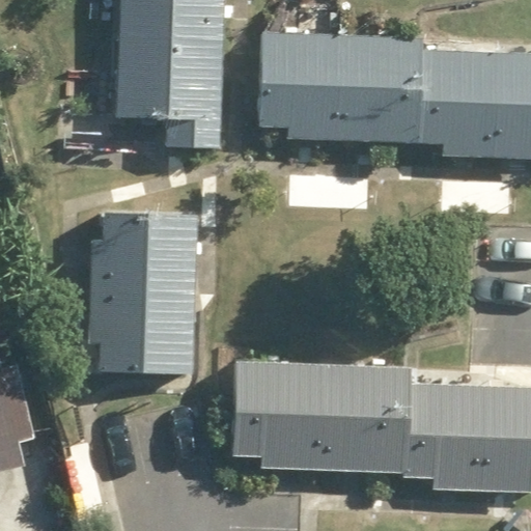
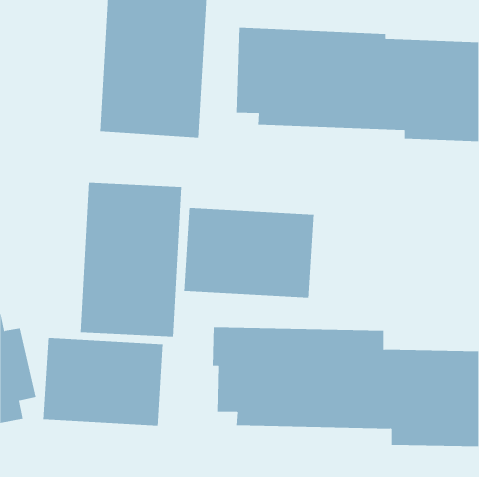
building: none -> [184,207,314,299]
building: none -> [43,337,163,426]

